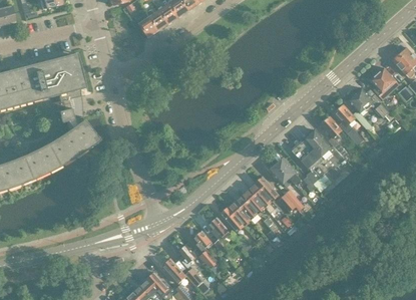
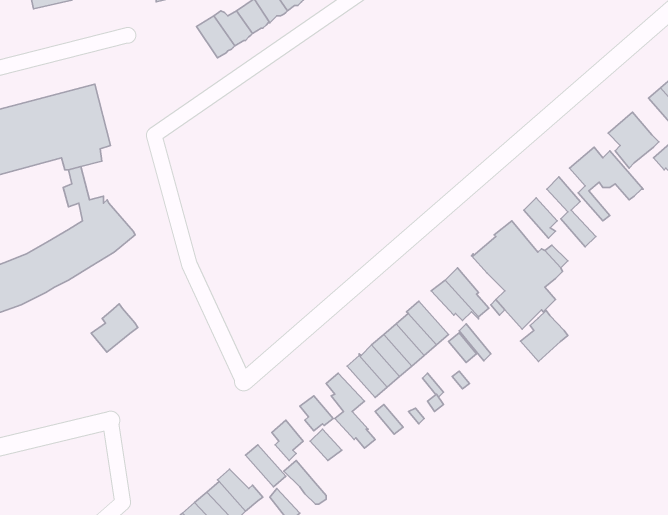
building: none -> [91,304,138,352]
building: none -> [520,310,568,361]

